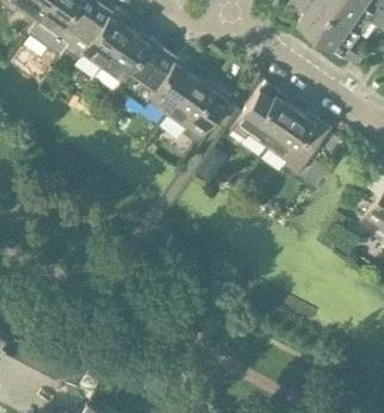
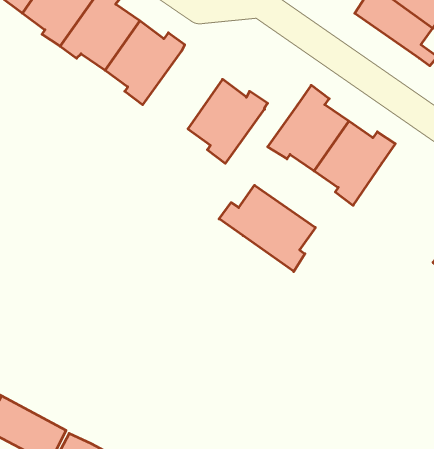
building: [130,55,193,117] -> none
building: none -> [219,185,315,272]

